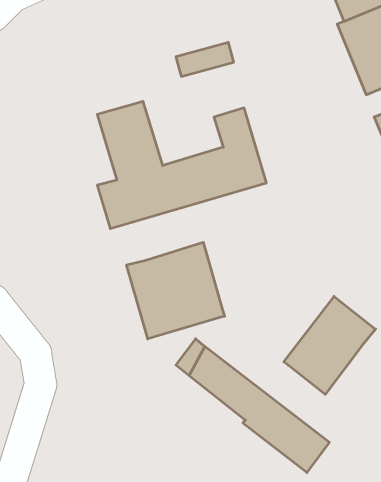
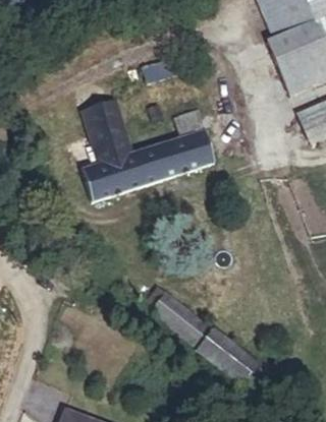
building: [127,242,225,339] -> none
building: [284,296,376,394] -> none

